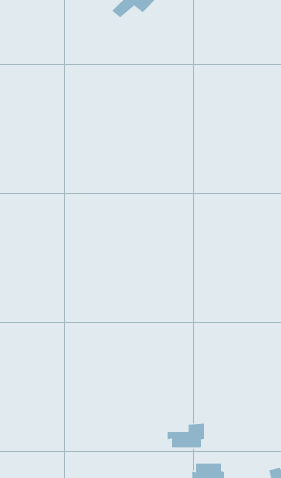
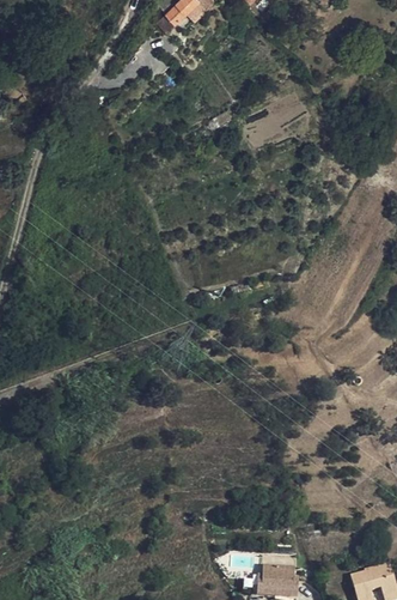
building: [167,423,205,448] -> none

